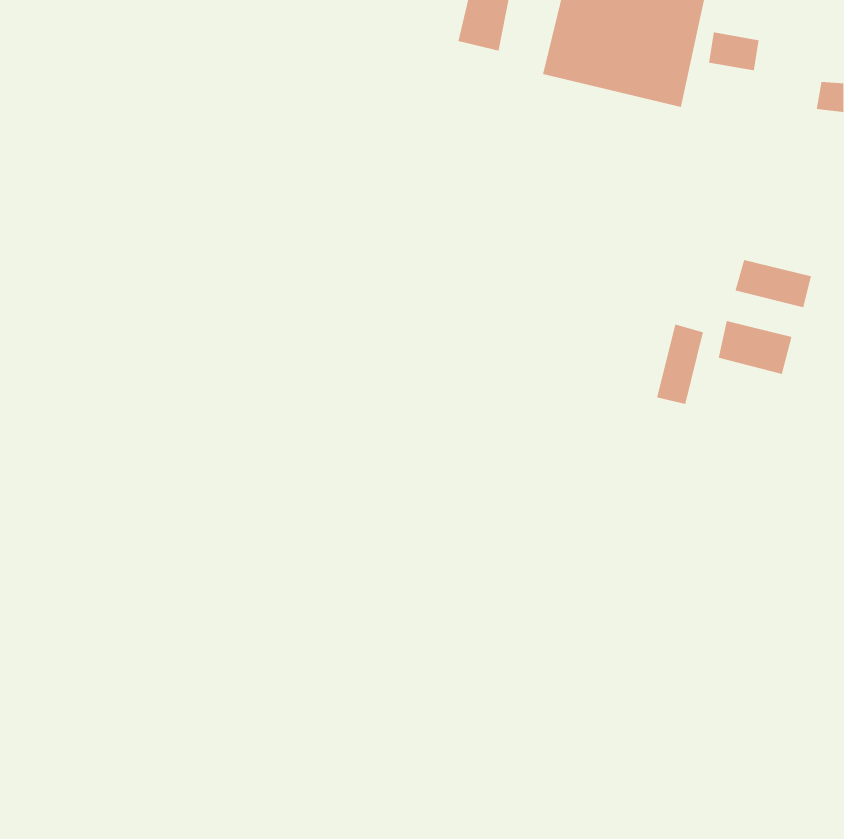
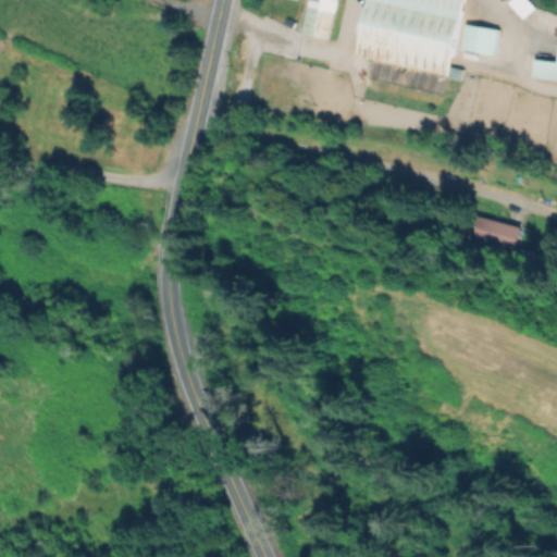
building: [734,259,812,308] -> none
building: [656,323,704,405] -> none

